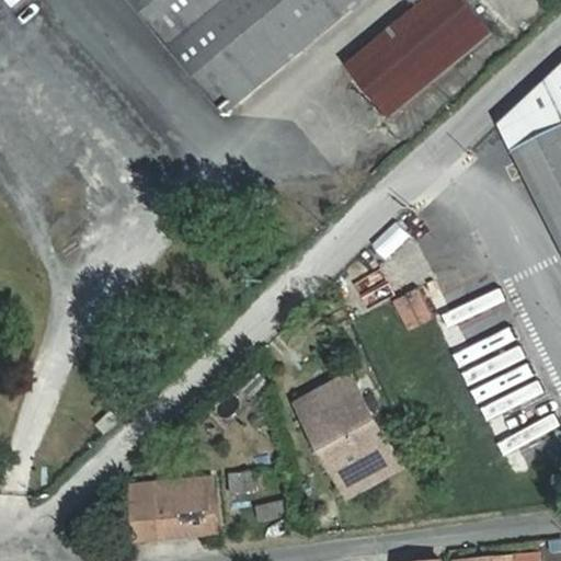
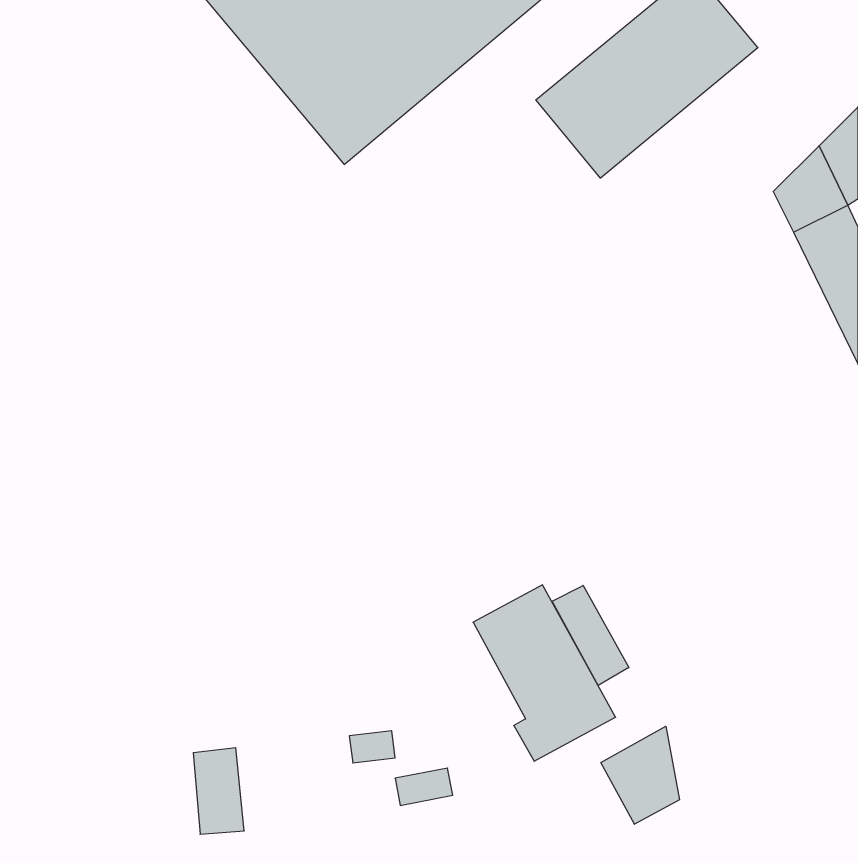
building: none -> [552,585,629,686]
building: none -> [601,726,679,824]
building: [152,478,213,537] -> none

